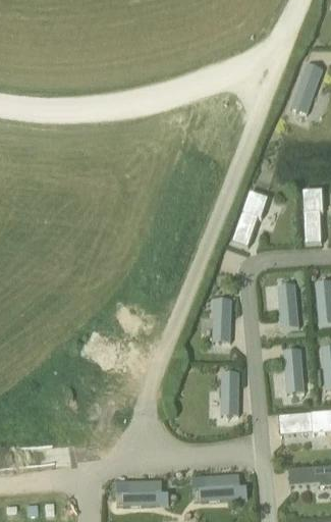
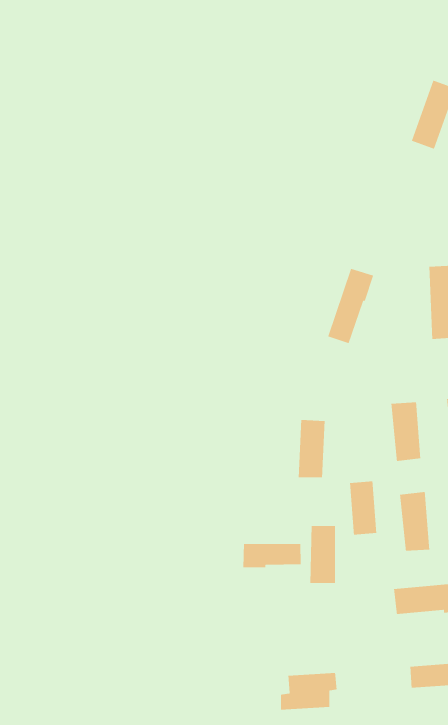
building: none -> [349,480,377,536]
building: none -> [243,543,302,568]
building: [121,479,162,505] -> none

